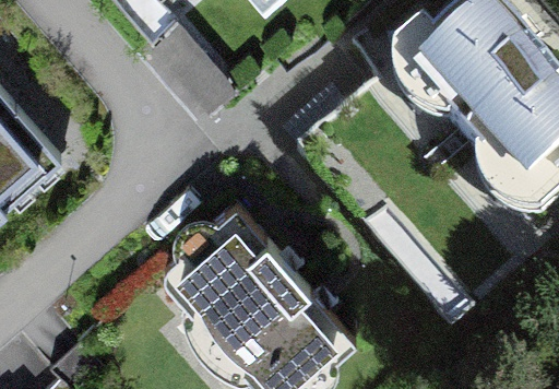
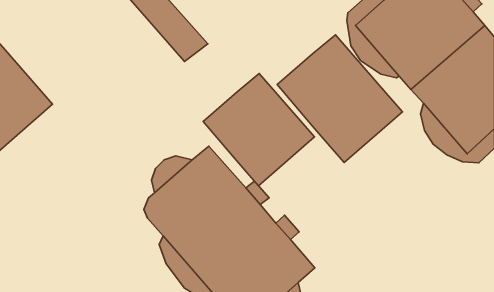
building: none -> [277,35,402,163]
building: none -> [203,73,315,186]

